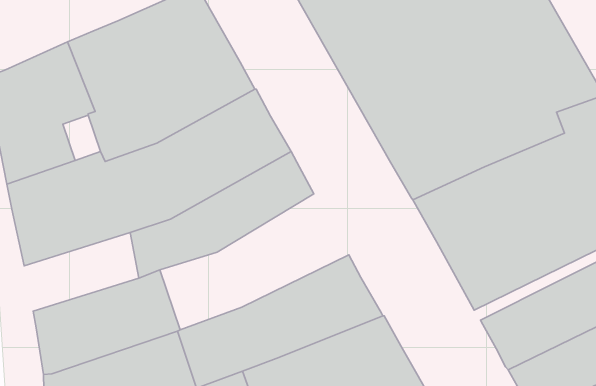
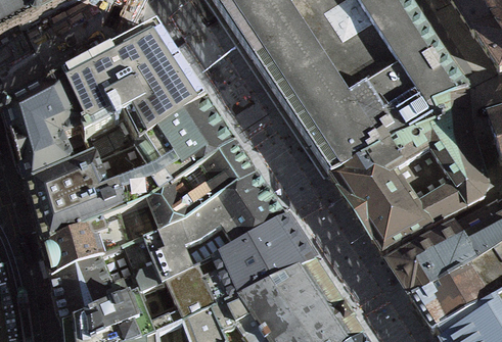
building: none -> [146,172,287,281]
building: none -> [44,210,131,275]

